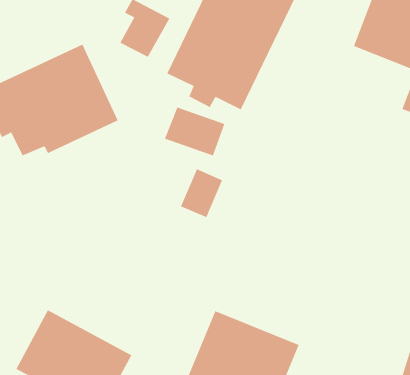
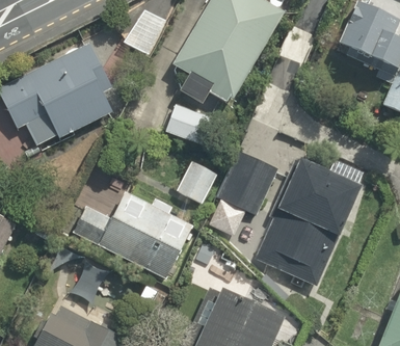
building: none -> [220,156,275,220]
building: none -> [249,157,362,290]
building: none -> [72,191,190,281]

